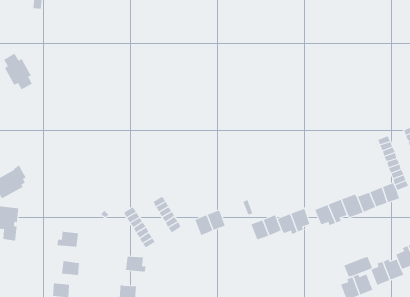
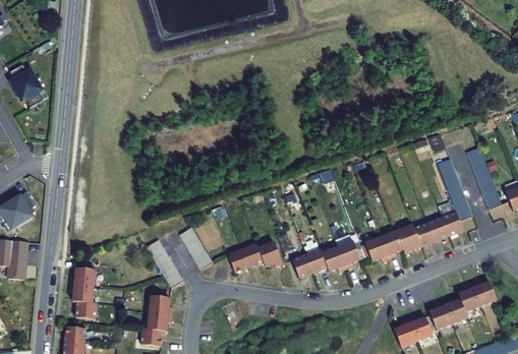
building: none -> [257,241,282,266]
building: none -> [69,284,93,303]
building: [343,256,373,277] -> none
building: none -> [147,312,171,331]

